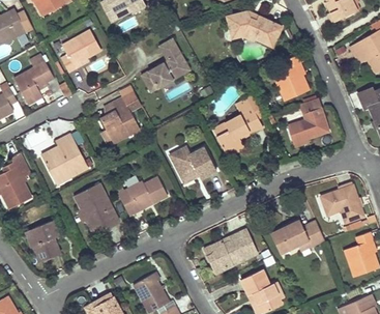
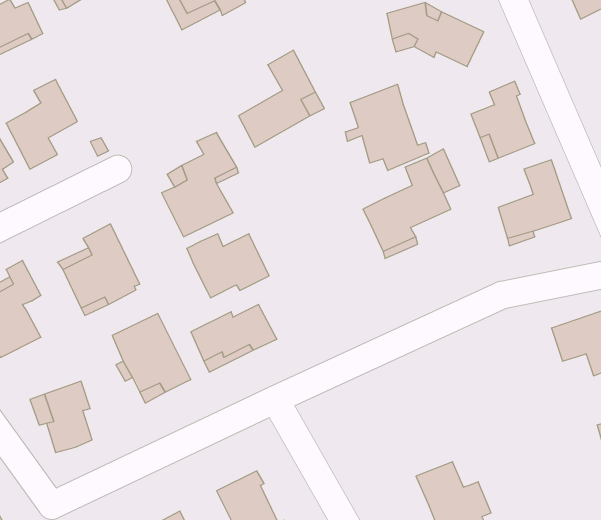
building: [60,31,100,72] -> none
building: none -> [345,84,429,171]
building: [172,146,218,182] -> [187,234,269,298]
building: [271,222,325,254] -> none
building: [204,229,258,273] -> none

